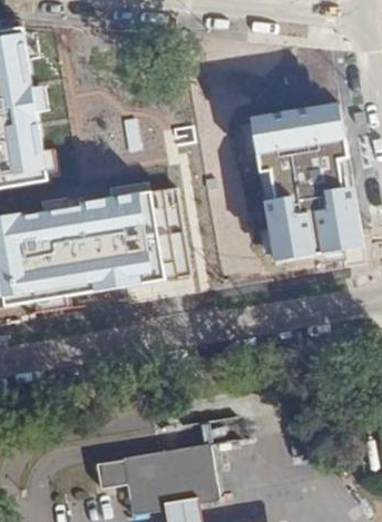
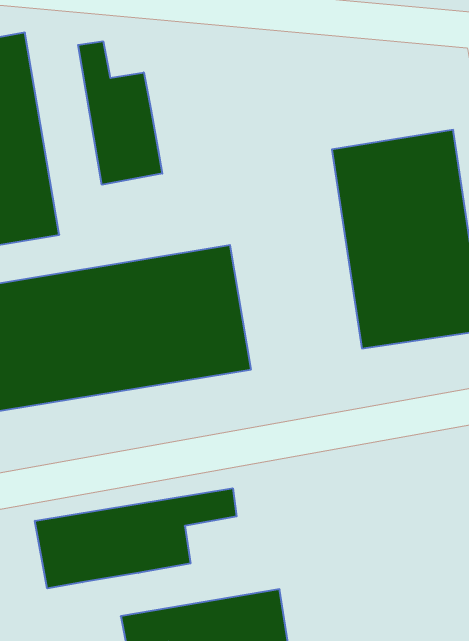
building: none -> [78,41,162,185]
building: none -> [35,488,237,588]

